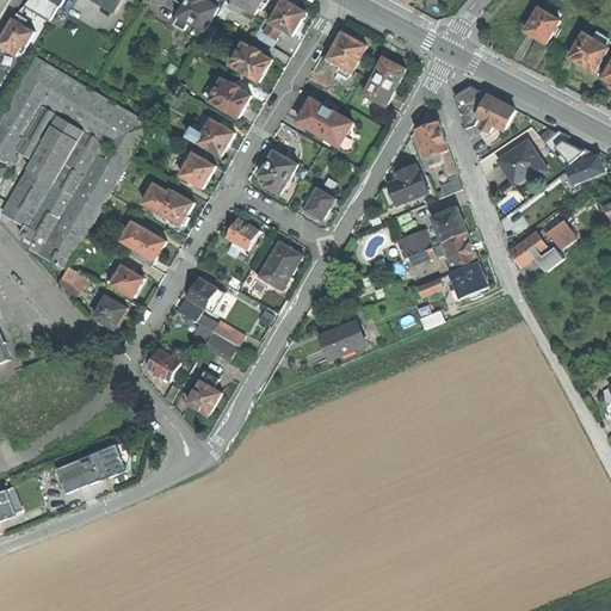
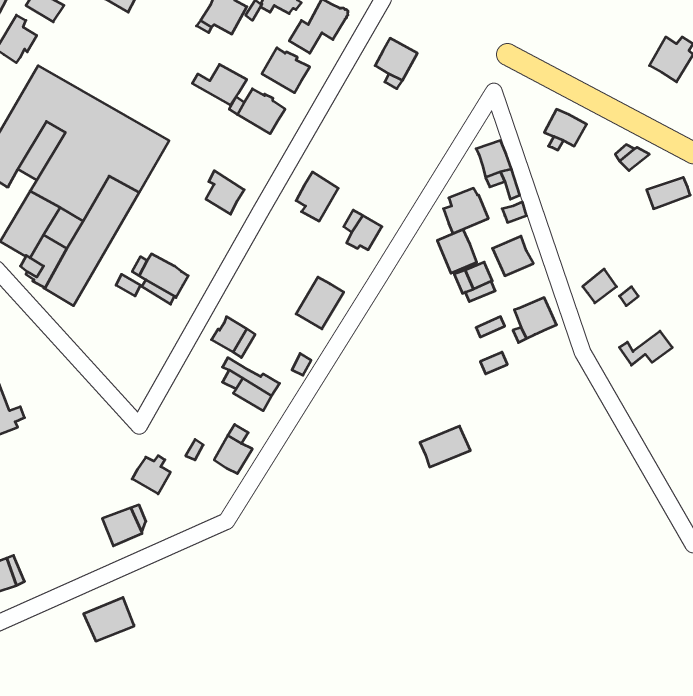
building: [524,7,558,43] -> none
building: [363,57,405,105] -> none
building: [453,86,487,126] -> none
building: [297,98,352,146] -> none
building: [186,119,234,155] -> [192,64,247,105]
building: [496,138,547,181] -> none
building: [142,183,193,224] -> none
building: [226,217,258,251] -> none
building: [529,221,575,251] -> [619,331,672,365]
building: [442,232,476,270] -> [437,229,477,273]
building: [106,265,143,297] -> none
building: [56,266,88,301] -> none
building: [93,296,126,328] -> none
building: [321,321,365,357] -> [420,426,470,467]
building: [146,347,179,381] -> [132,456,170,494]
building: [55,453,99,492] -> [84,597,134,641]

